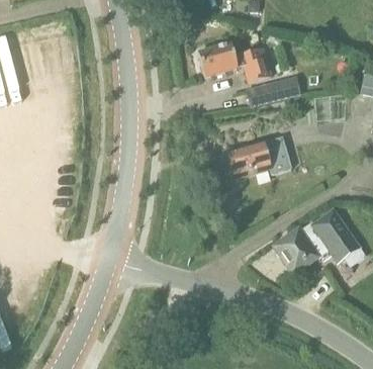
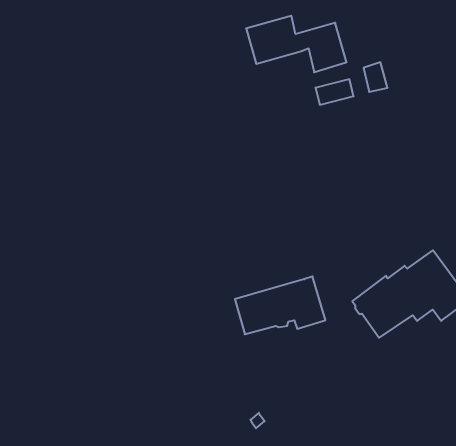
building: [227,136,292,178] -> [235,276,325,334]

